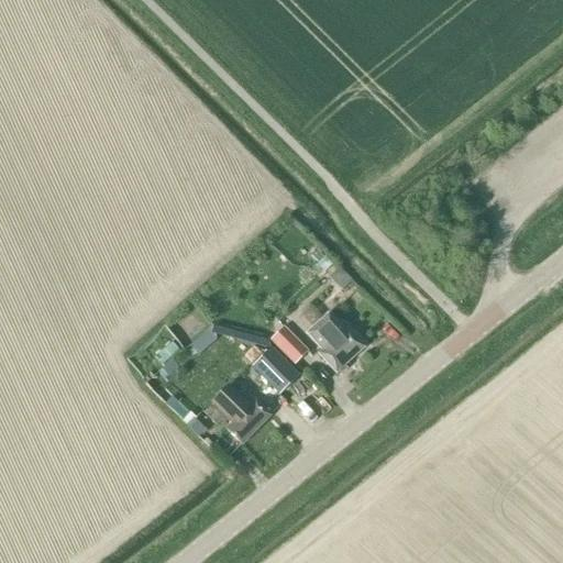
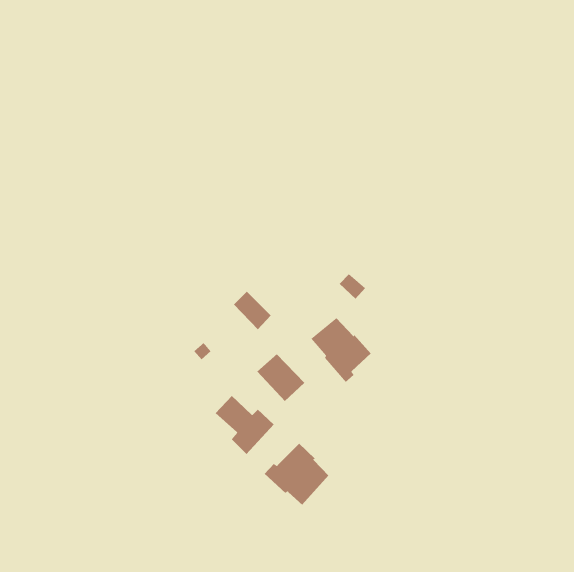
building: [271,324,308,363] -> [233,291,271,330]
building: none -> [264,443,329,506]

